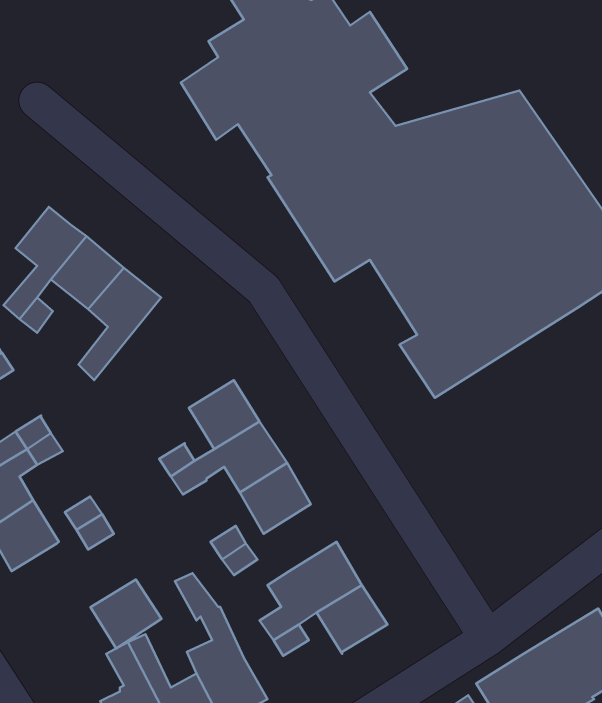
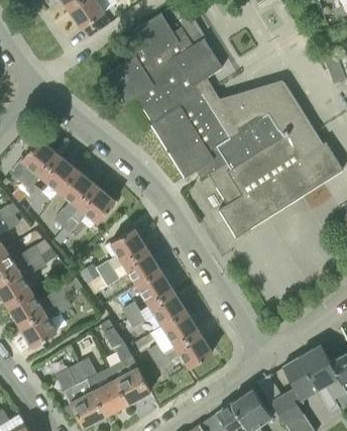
building: none -> [63,186,116,234]
building: none -> [149,292,187,326]
building: [91,579,161,648] -> [20,312,56,347]

